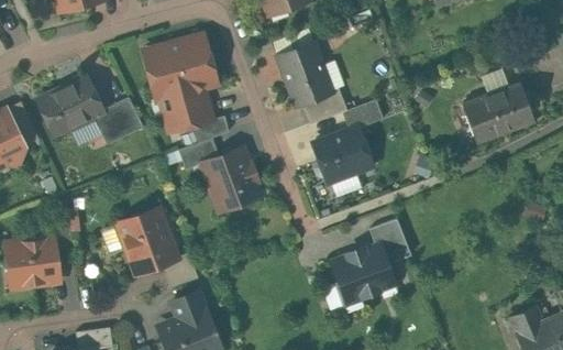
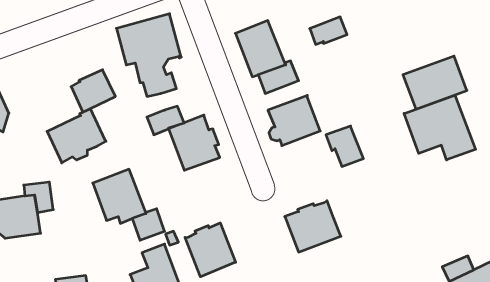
building: [36,75,102,135] -> [47,109,106,163]
building: [341,99,383,130] -> [310,17,347,44]
building: [192,117,228,143] -> none
building: none -> [404,95,476,160]
building: [368,219,410,264] -> [326,126,363,166]
building: none -> [185,223,236,277]

